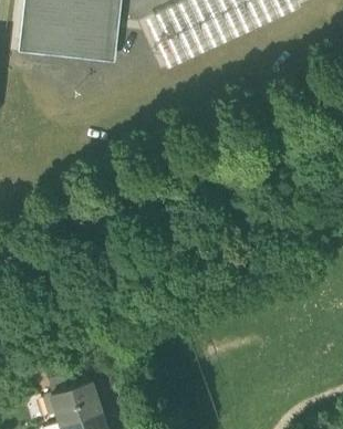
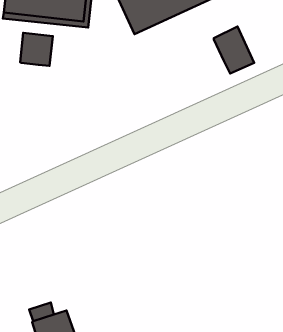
building: none -> [214,27,254,74]
building: none -> [20,33,53,66]

